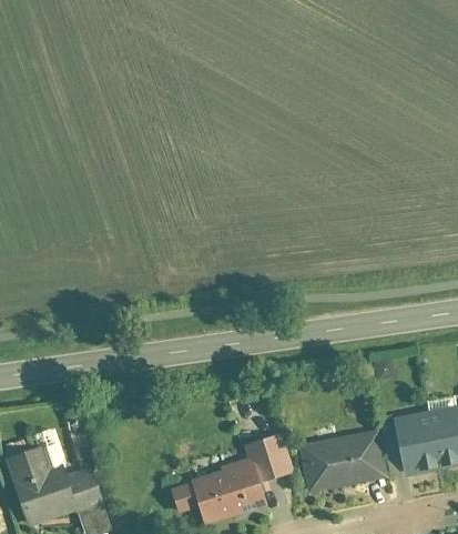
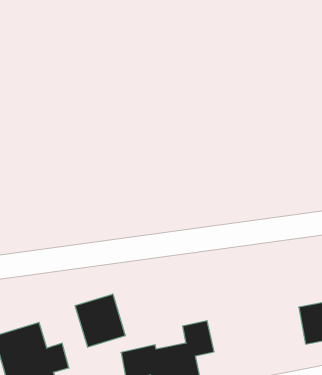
building: none -> [75,294,125,347]
building: [313,431,384,488] -> none

